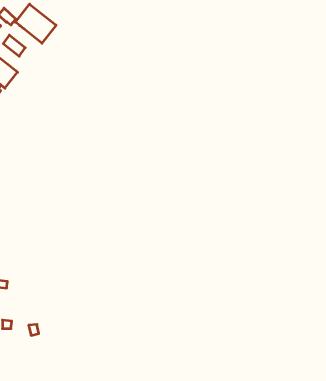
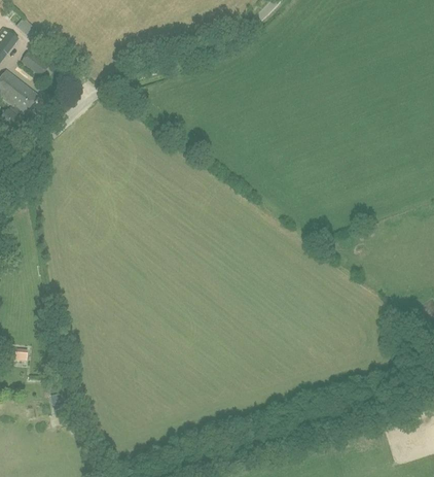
building: [15,4,56,43] -> none

